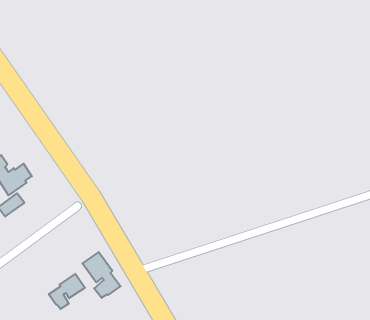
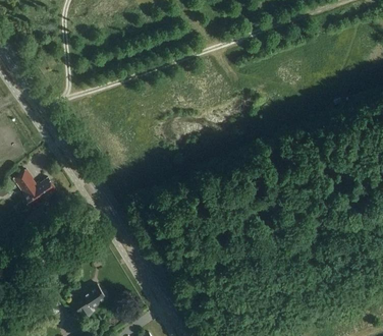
building: [82,252,121,298] -> none

